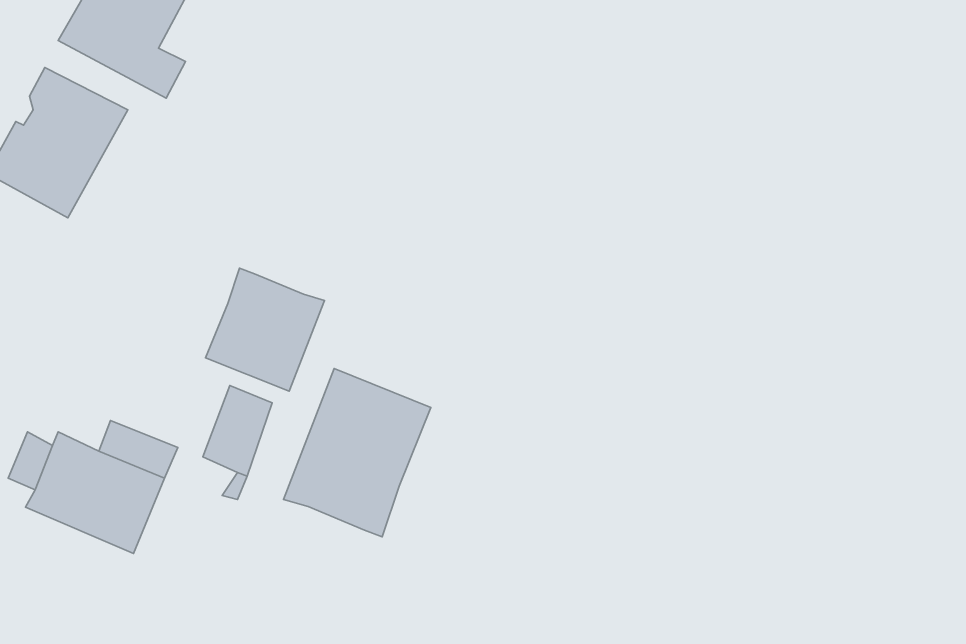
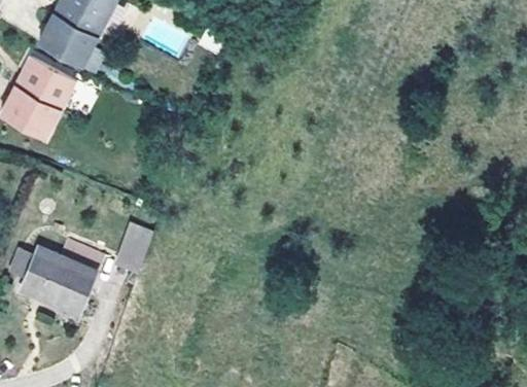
building: [205,268,324,391] -> none
building: [284,369,431,537] -> none

